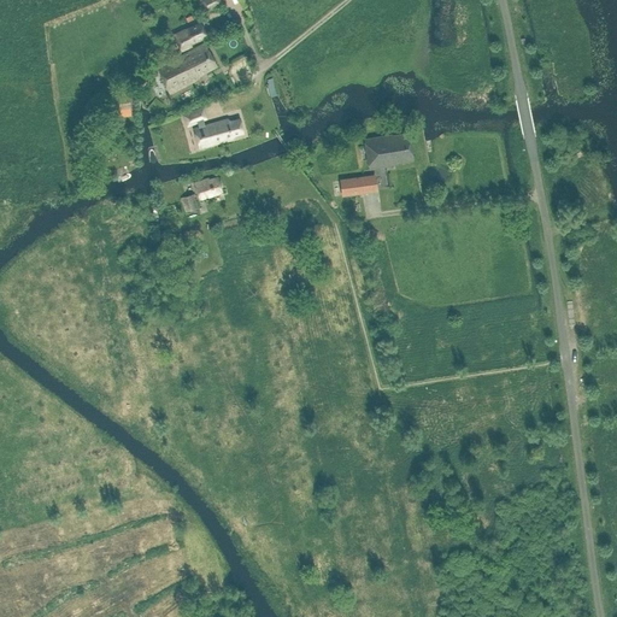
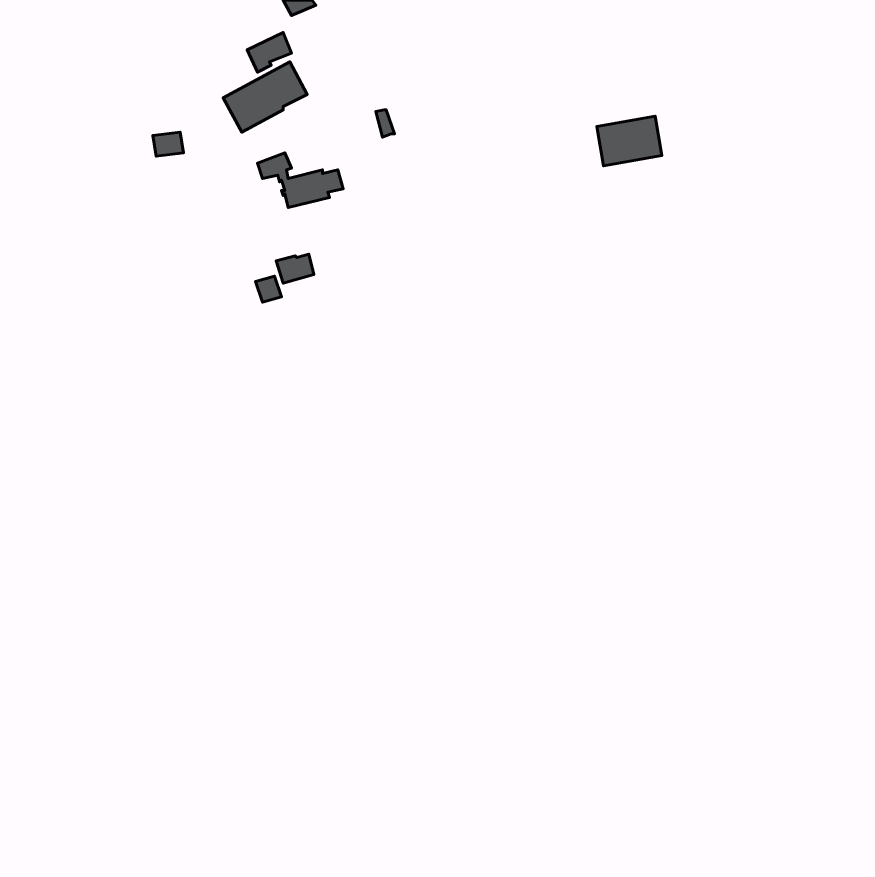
building: [365,133,411,168] -> [597,116,662,166]
building: [337,175,376,196] -> none

